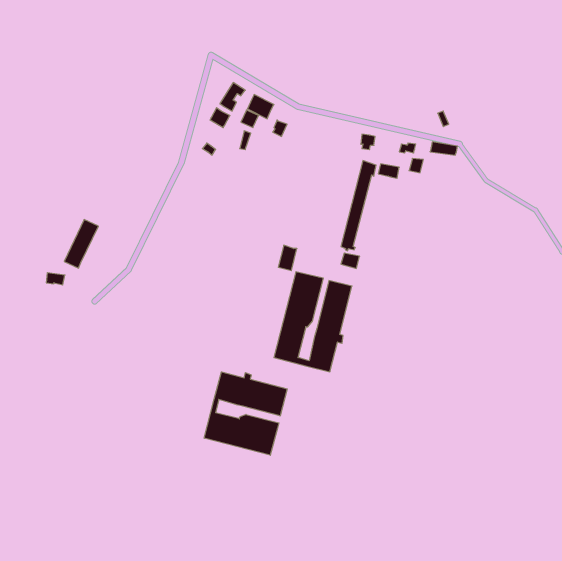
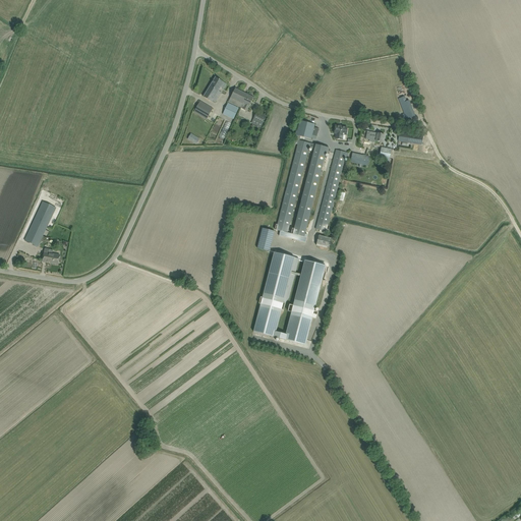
building: none -> [277,120,329,236]
building: [64,220,98,268] -> [24,201,56,246]
building: [204,372,287,455] -> none

